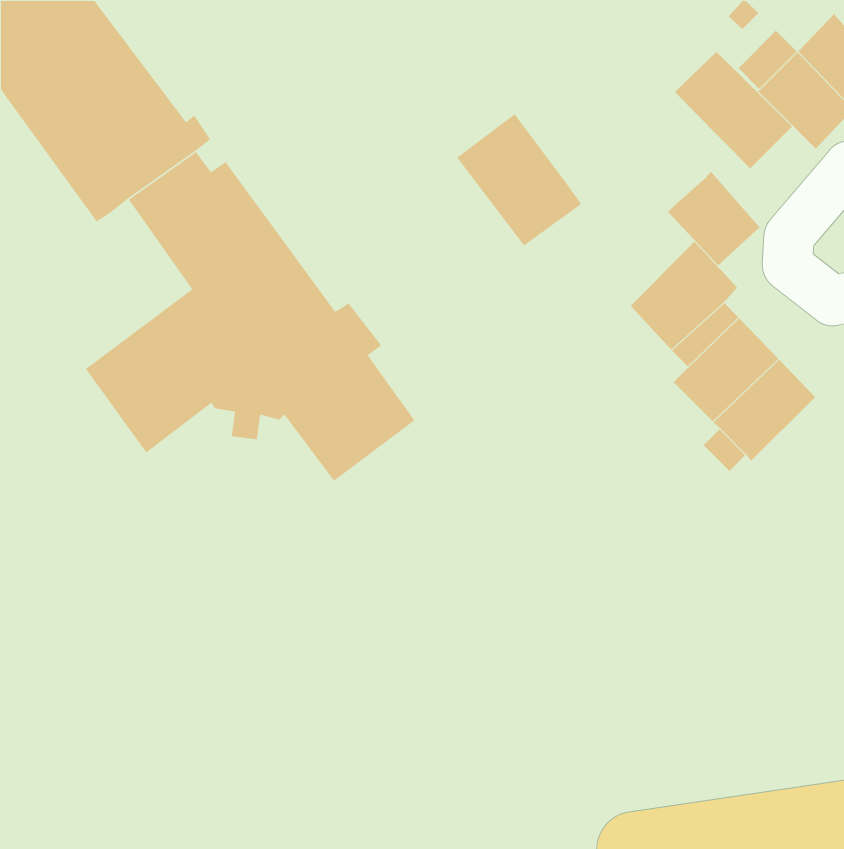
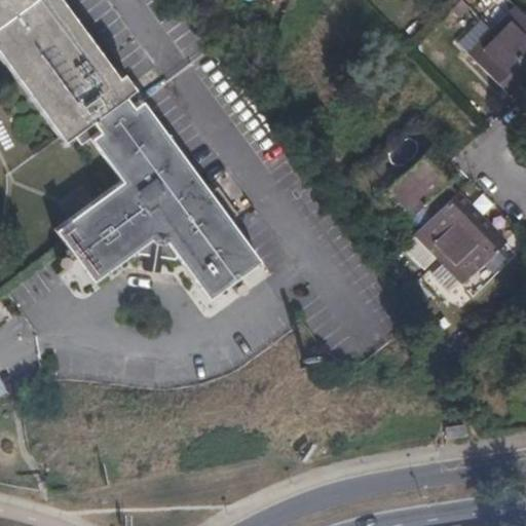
building: [674,51,793,169] -> none
building: [456,113,582,247] -> none
building: [667,171,760,266] -> none

